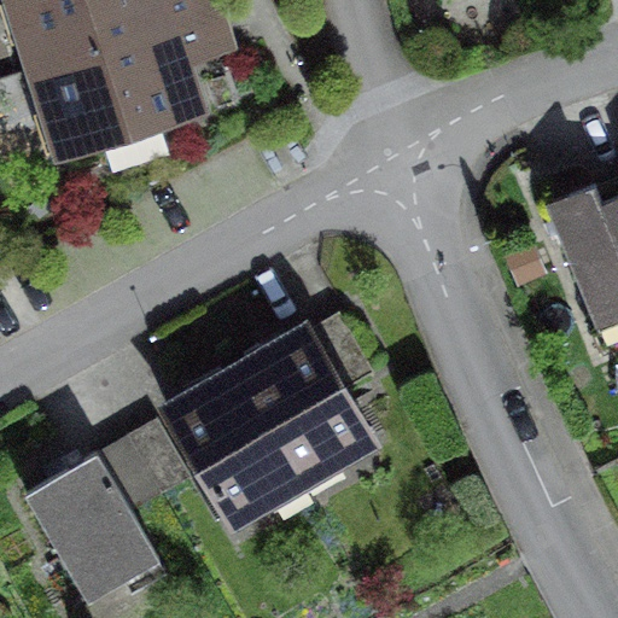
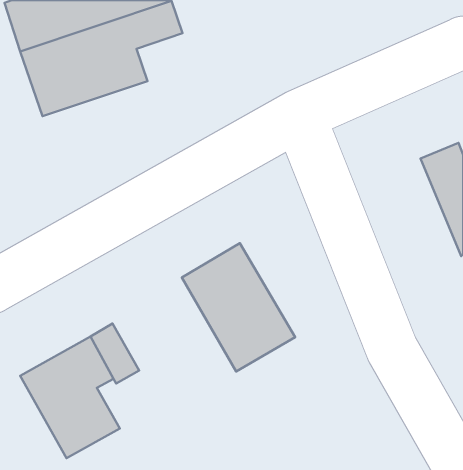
building: [164,365,309,530] -> none

